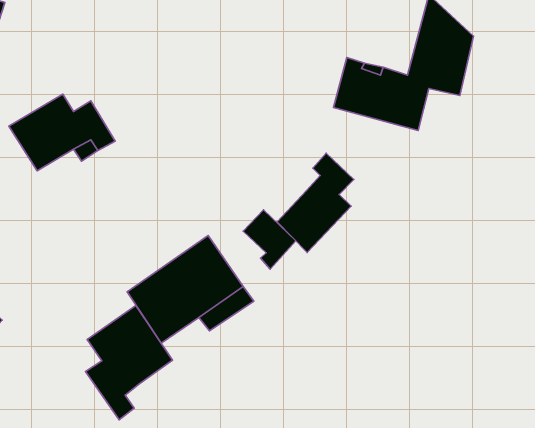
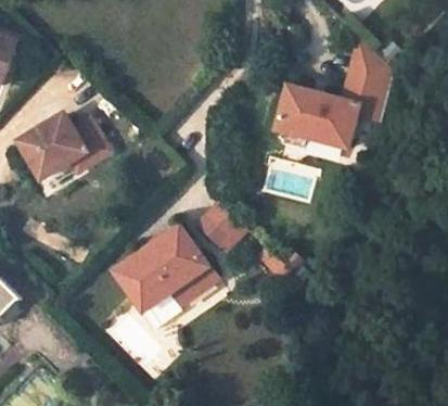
building: [277,153,354,252] -> none
building: [86,306,173,420] -> none

